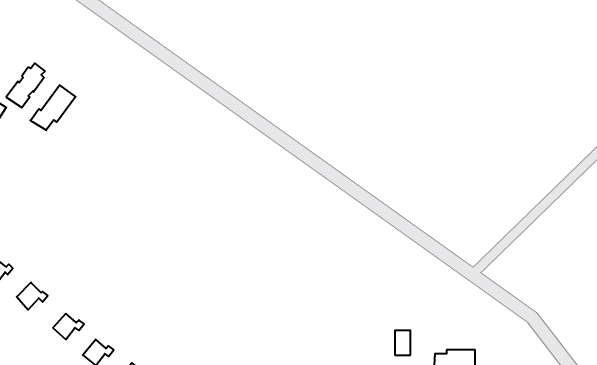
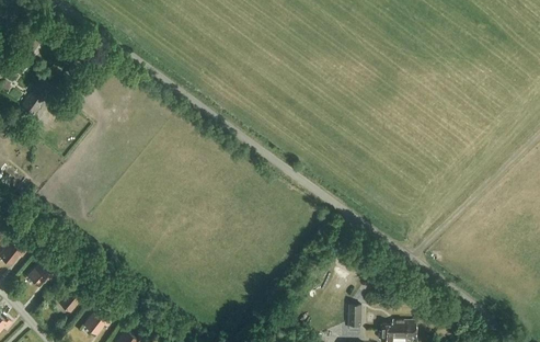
building: [30,85,76,130] -> none

